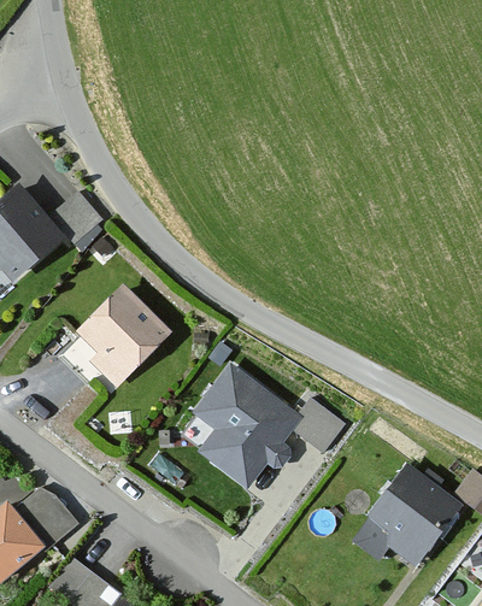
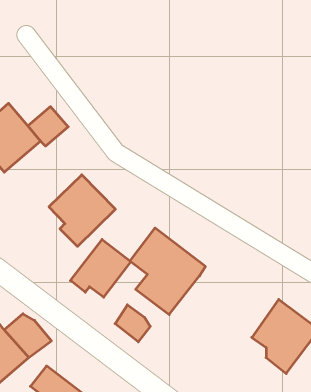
building: none -> [70,239,131,297]
building: [290,398,346,453] -> none
building: none -> [115,305,150,342]

